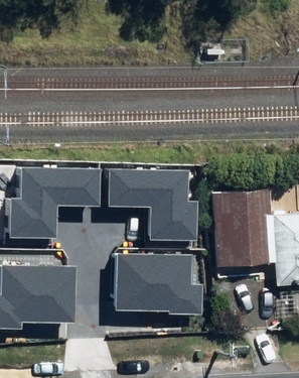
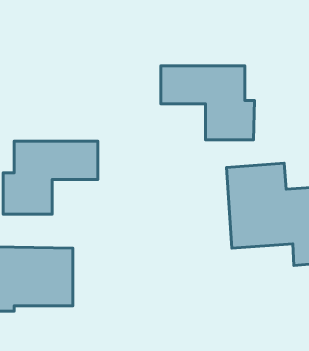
building: [108,170,194,239] -> [161,66,254,140]
building: [117,256,201,312] -> none

